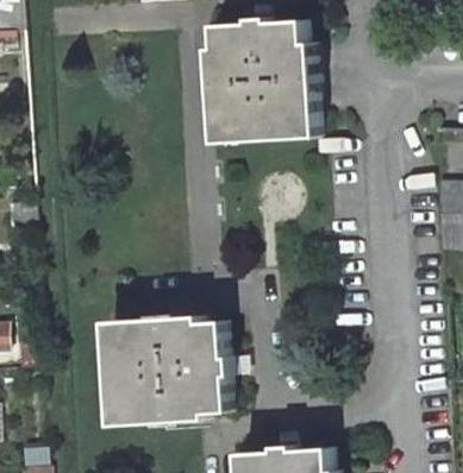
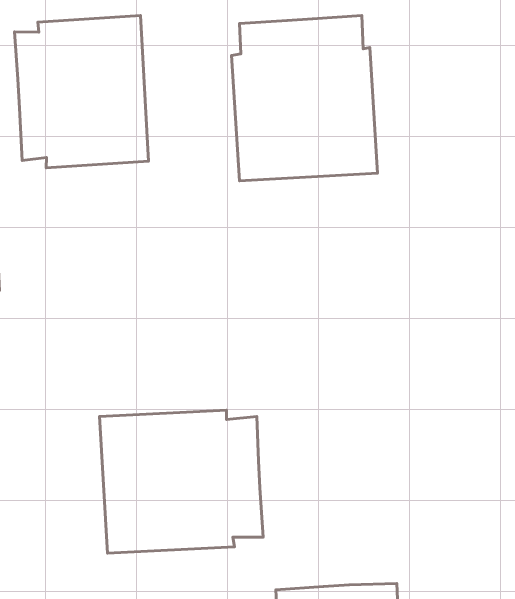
building: none -> [14,16,149,168]

